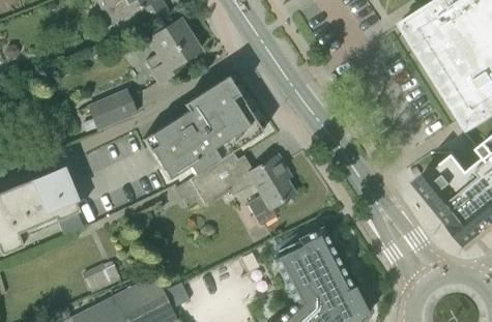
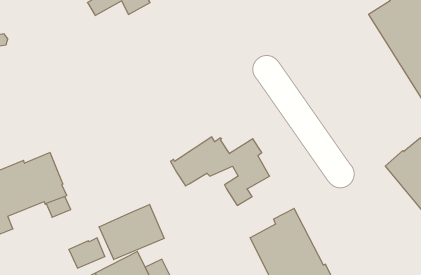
building: [145,20,199,82] -> none
building: [148,77,255,180] -> none
building: [82,85,138,128] -> none
building: none -> [99,204,164,260]

